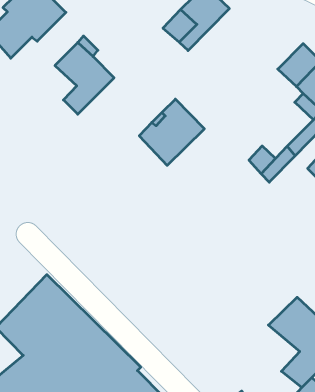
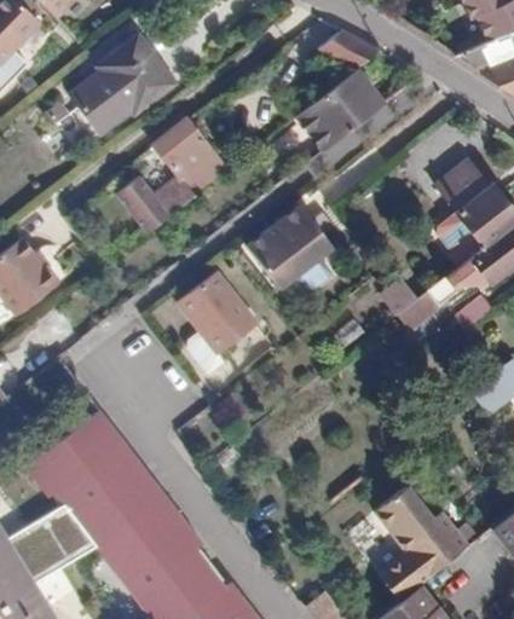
building: none -> [112,177,173,236]
building: none -> [177,271,256,374]

